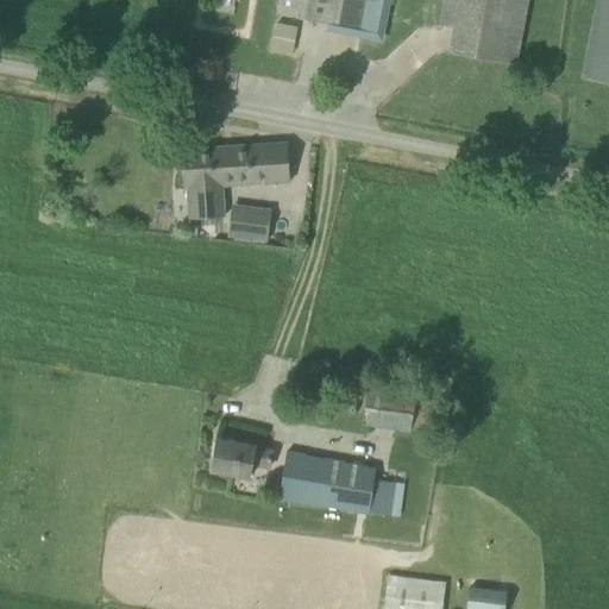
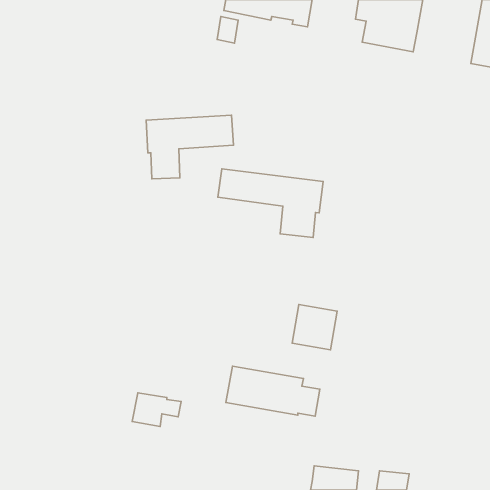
building: [230,207,271,241] -> none
building: none -> [218,169,323,237]
building: [212,439,272,481] -> [132,393,181,426]

